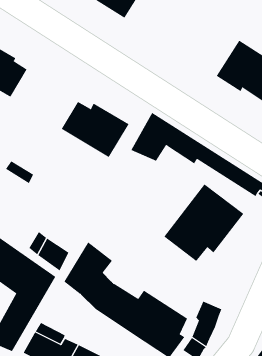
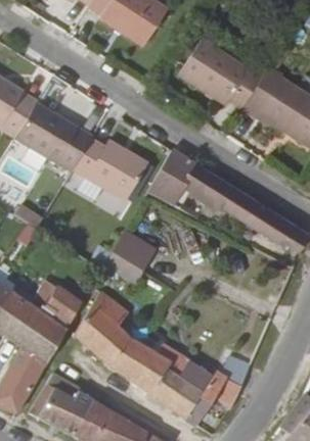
building: none -> [179,39,262,109]
building: none -> [13,102,91,170]
building: [163,183,244,262] -> none
building: none -> [101,231,157,281]

